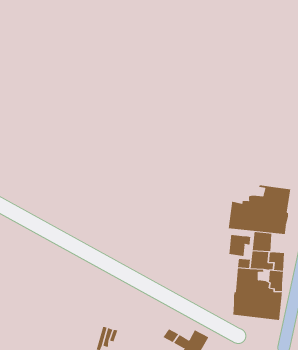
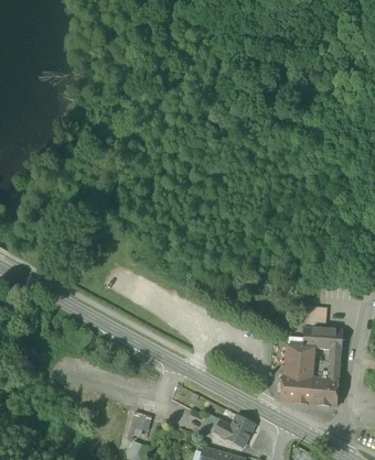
building: [228,185,291,235] -> none
building: [229,234,251,257] -> none

